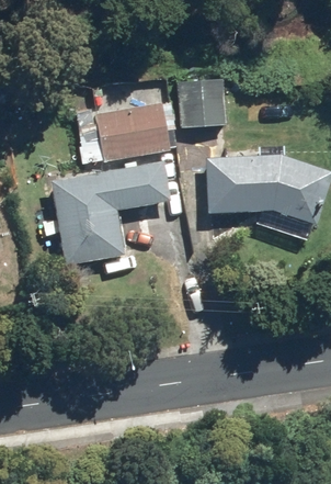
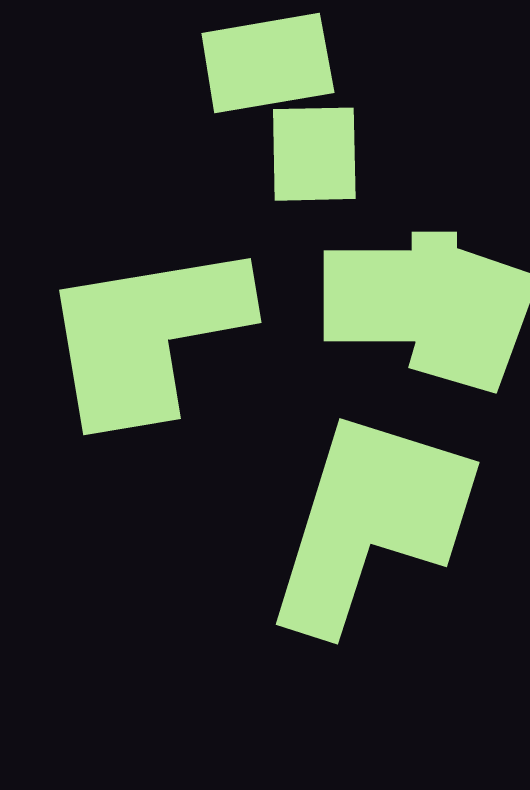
building: [94,102,173,161] -> [200,12,336,114]
building: none -> [275,417,481,645]

